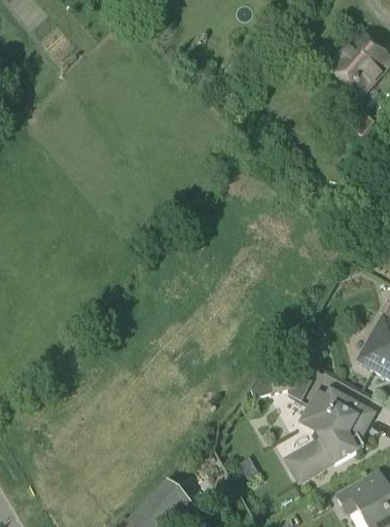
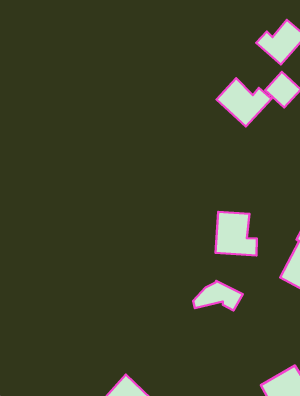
building: none -> [216,78,272,127]
building: none -> [215,212,257,256]
building: [290,388,365,480] -> none

